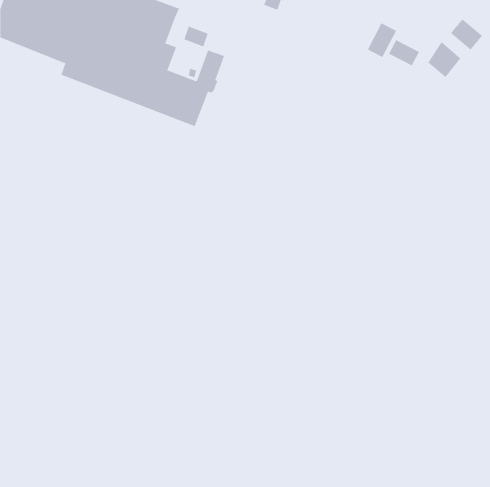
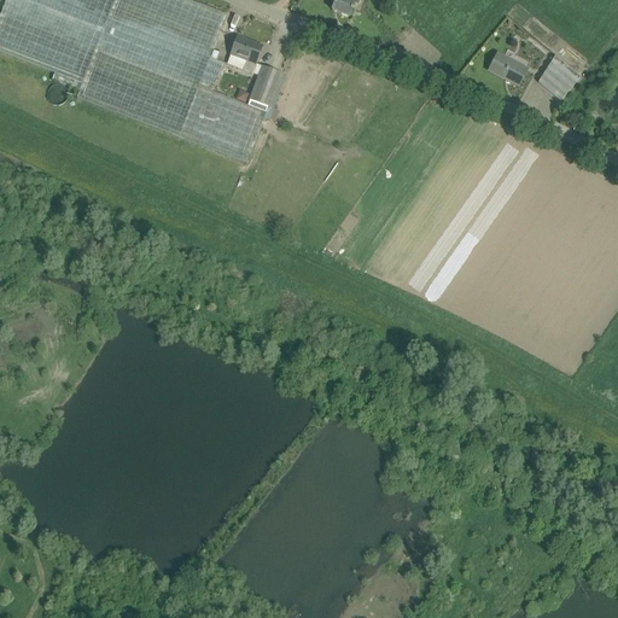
building: [450,18,483,50] -> none
building: [367,23,397,58] -> none

